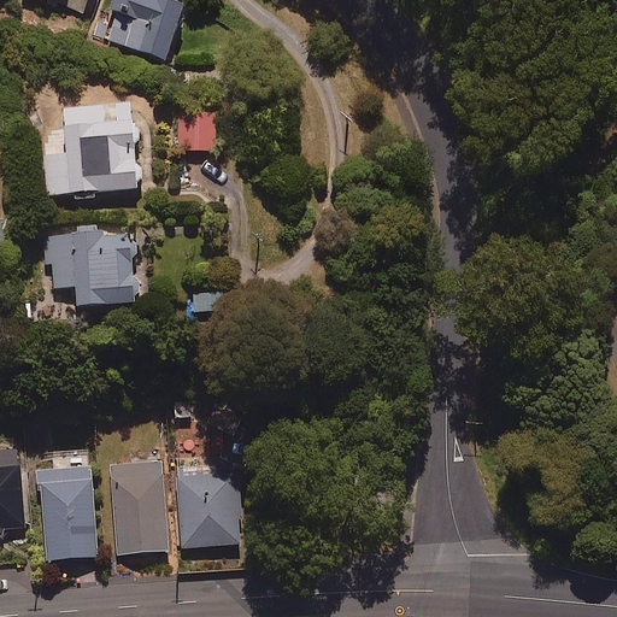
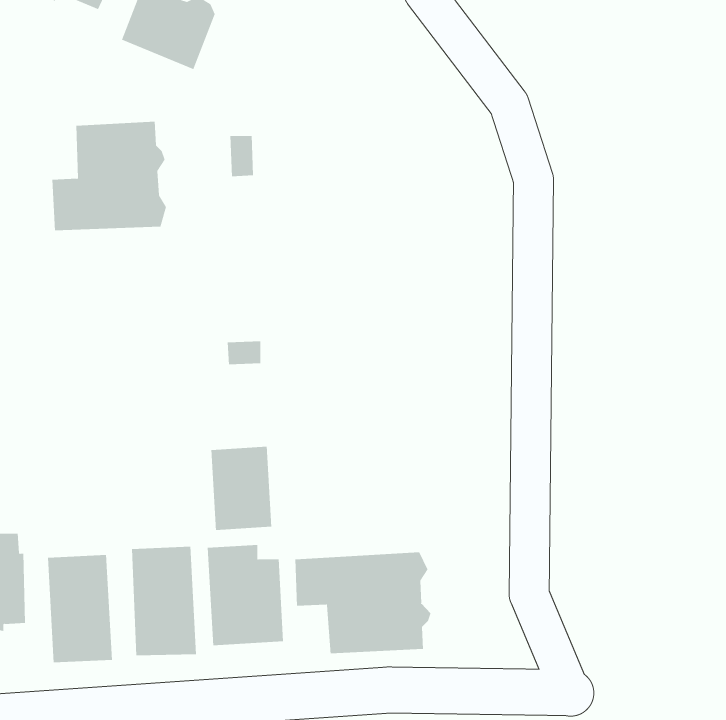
building: [43,221,139,310] -> none
building: none -> [211,446,272,531]
building: none -> [295,552,431,654]

